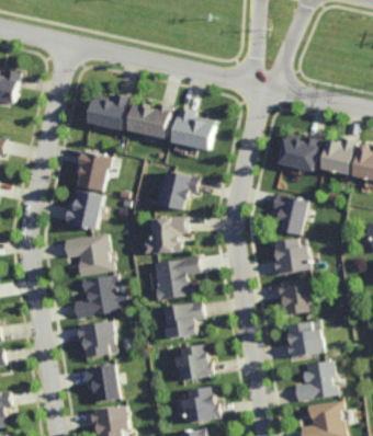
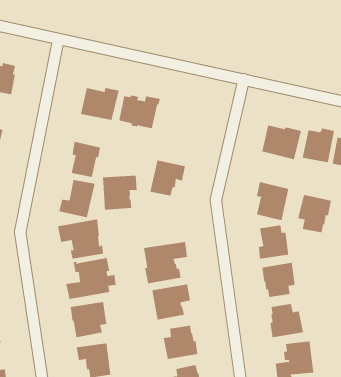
building: [171,108,214,150] -> none
building: none -> [298,194,331,233]
building: [150,217,188,254] -> [102,175,137,210]

